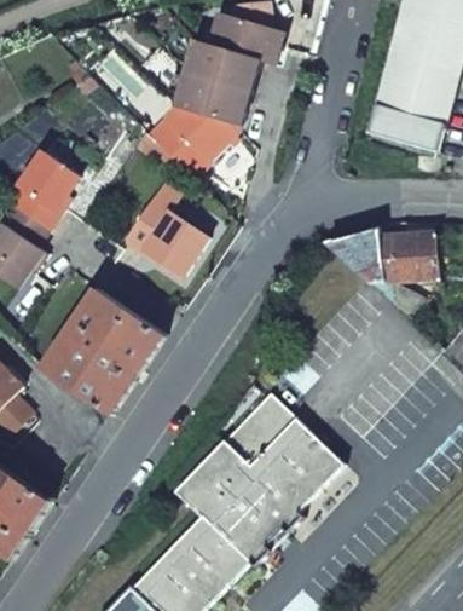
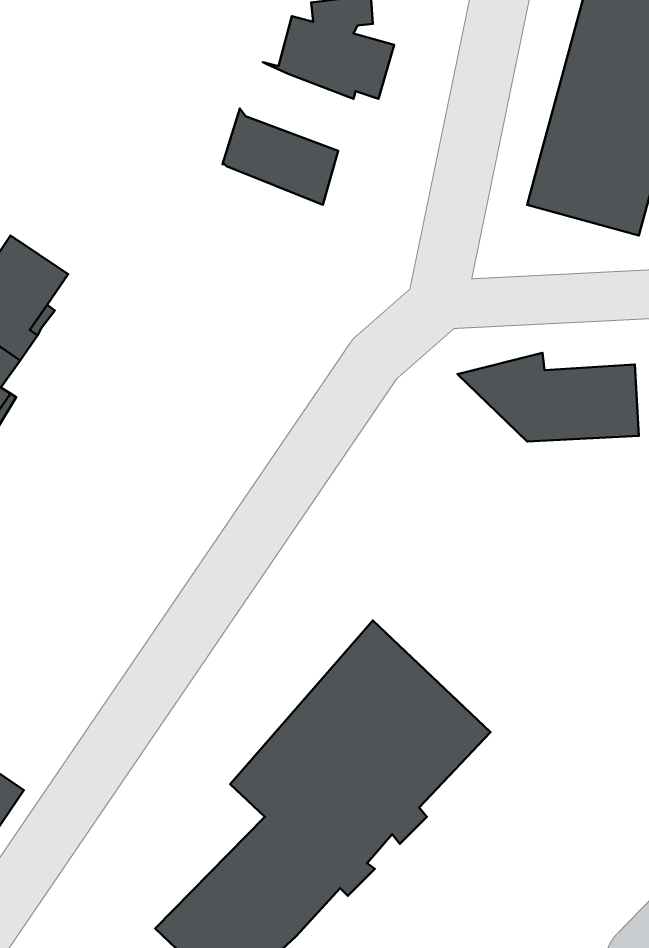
building: [185,40,256,98] -> none
building: [146,106,237,179] -> none
building: [125,197,208,277] -> none
building: [40,289,163,415] -> none

